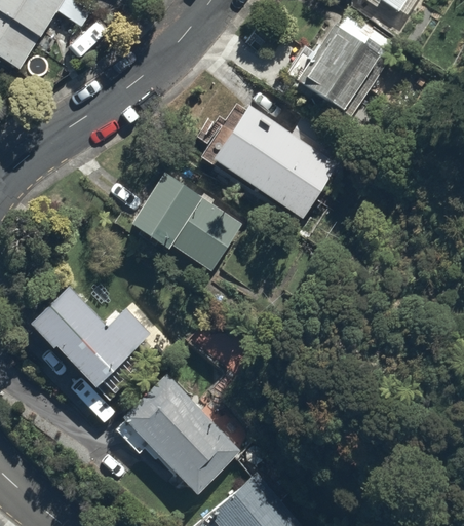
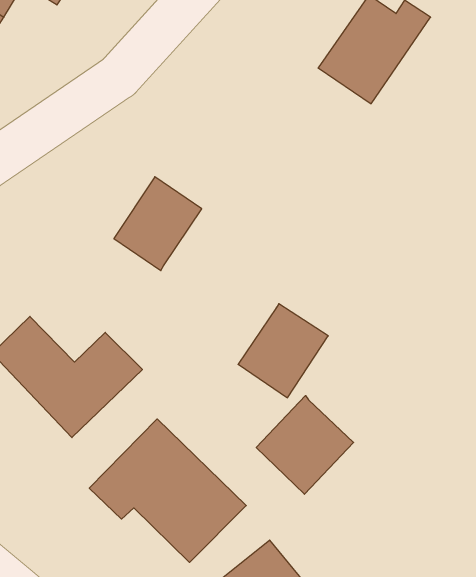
building: [210,103,341,222] -> none
building: [171,195,246,273] -> [238,304,328,398]
building: none -> [256,396,354,494]

